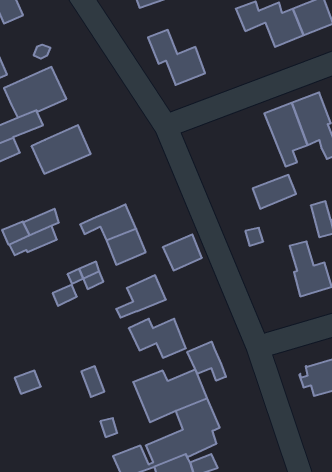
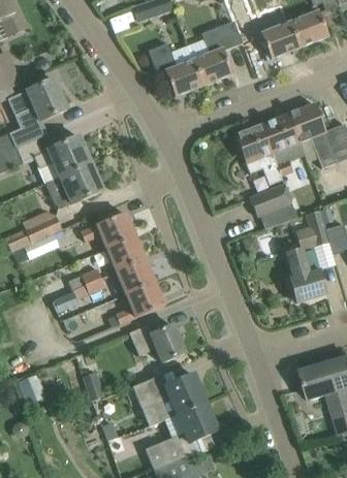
building: none -> [193,21,242,84]
building: none -> [233,123,282,184]
building: none -> [45,162,102,209]
building: none -> [259,201,297,229]
building: [163,234,202,270] -> [116,258,154,293]
building: [187,342,226,381] -> none

